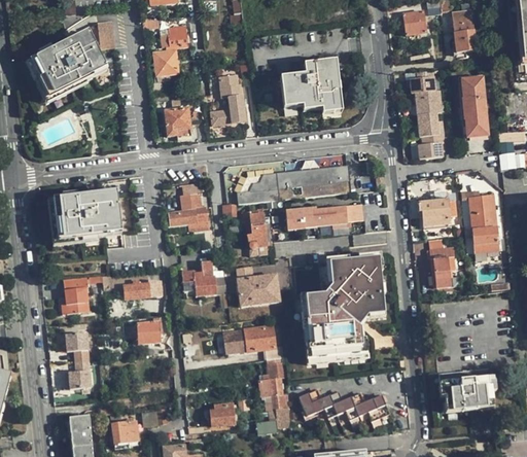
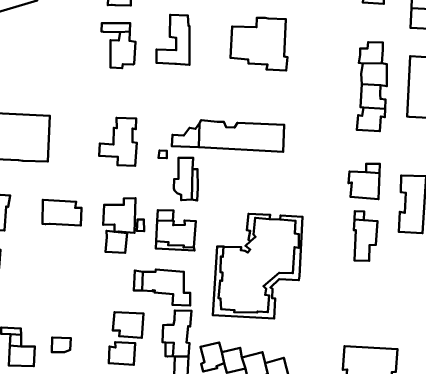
building: [286,205,362,231] -> none
building: [138,322,160,344] -> [106,231,127,253]
building: none -> [113,312,143,338]

